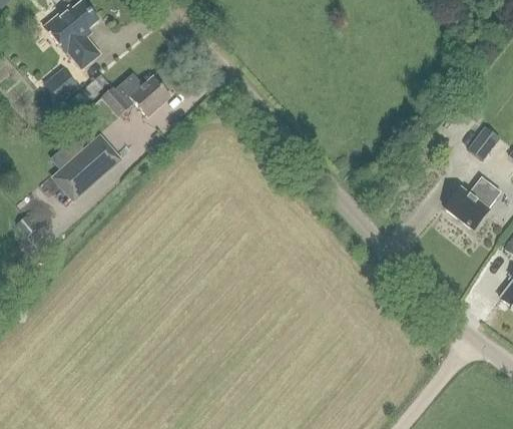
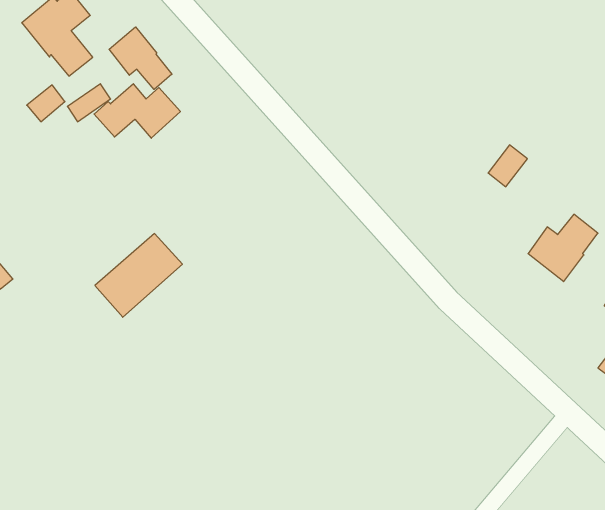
building: none -> [109,27,172,89]
building: [467,127,498,160] -> [488,145,527,187]
building: [51,135,120,201] -> [95,234,182,317]

